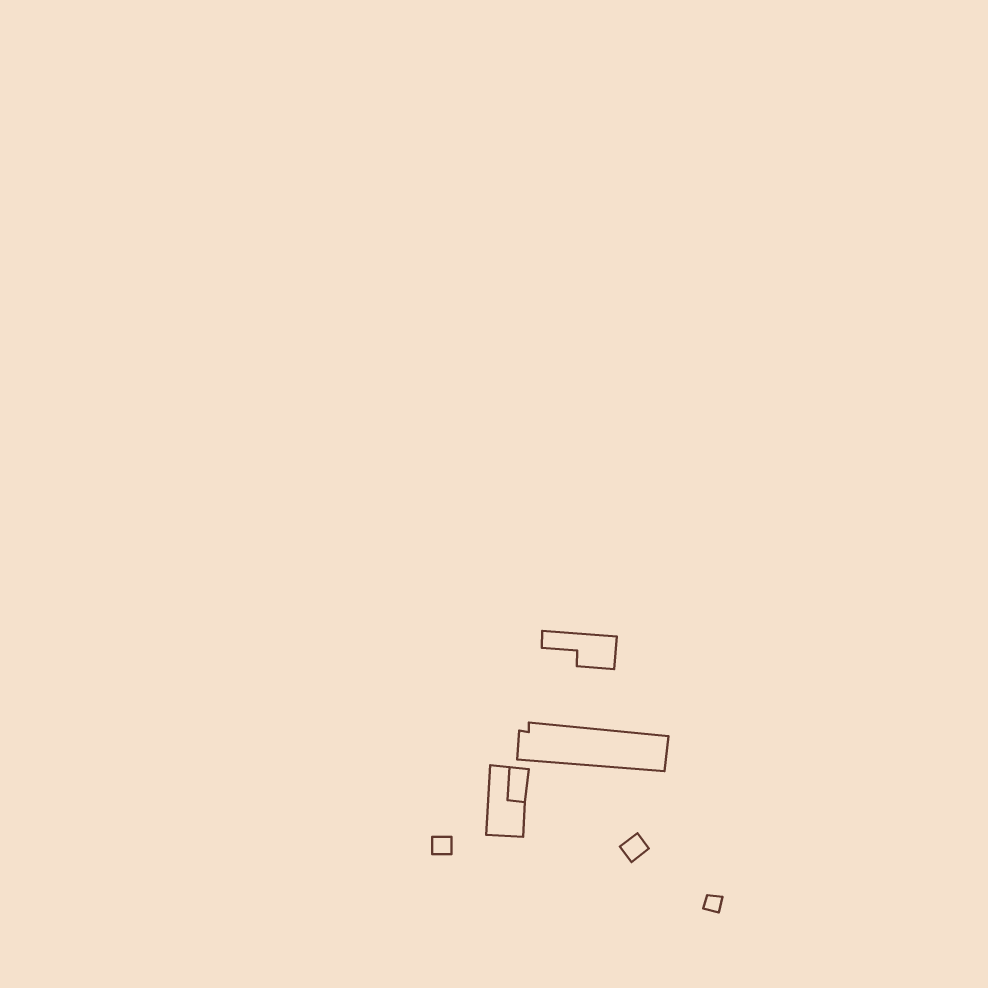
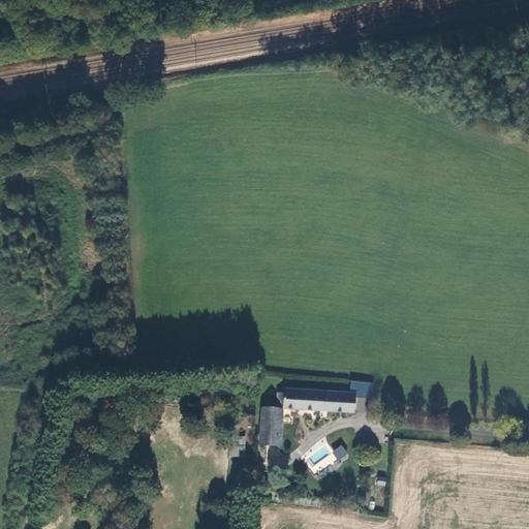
building: [542,631,617,669] -> none

